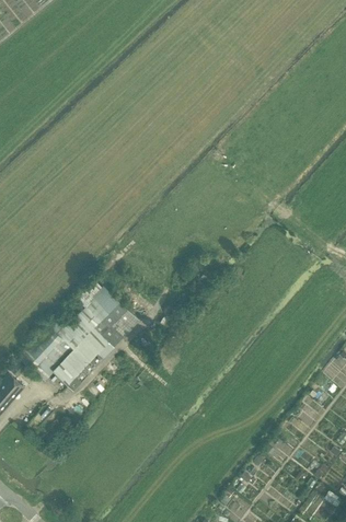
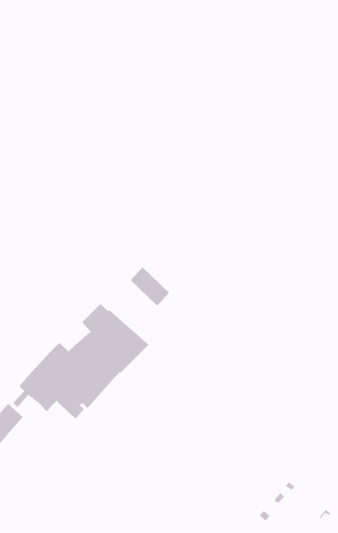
building: none -> [130,266,170,306]

